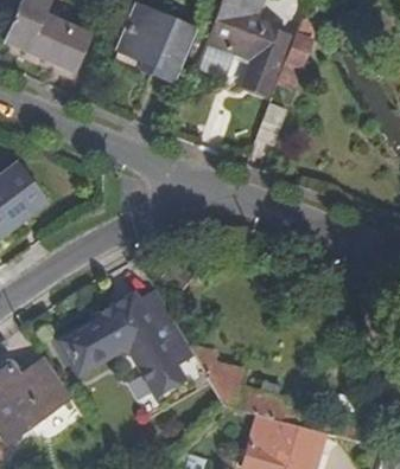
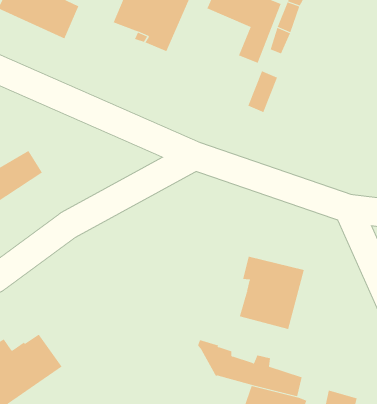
building: none -> [239,256,305,330]
building: [63,293,193,399] -> none

